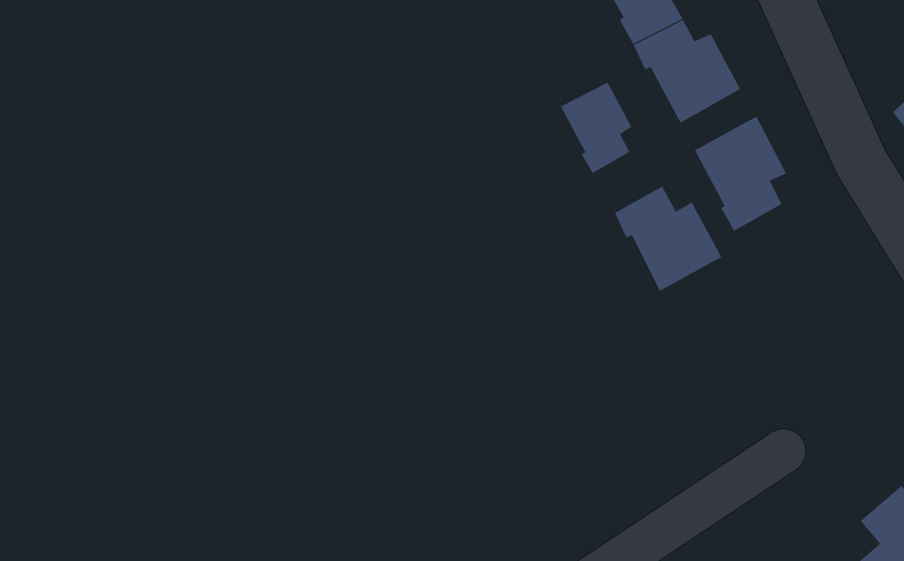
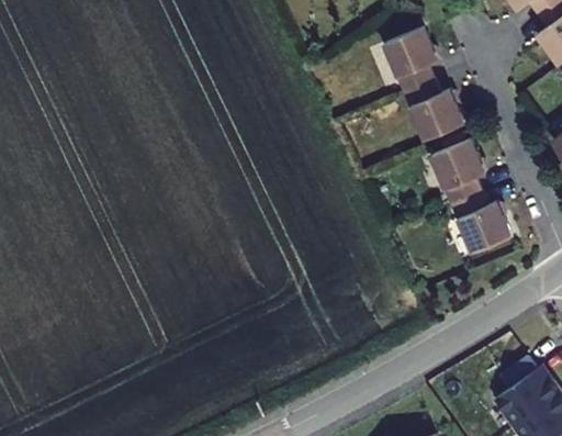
building: [560,82,632,174] -> none
building: [614,186,722,292] -> [449,191,509,253]

